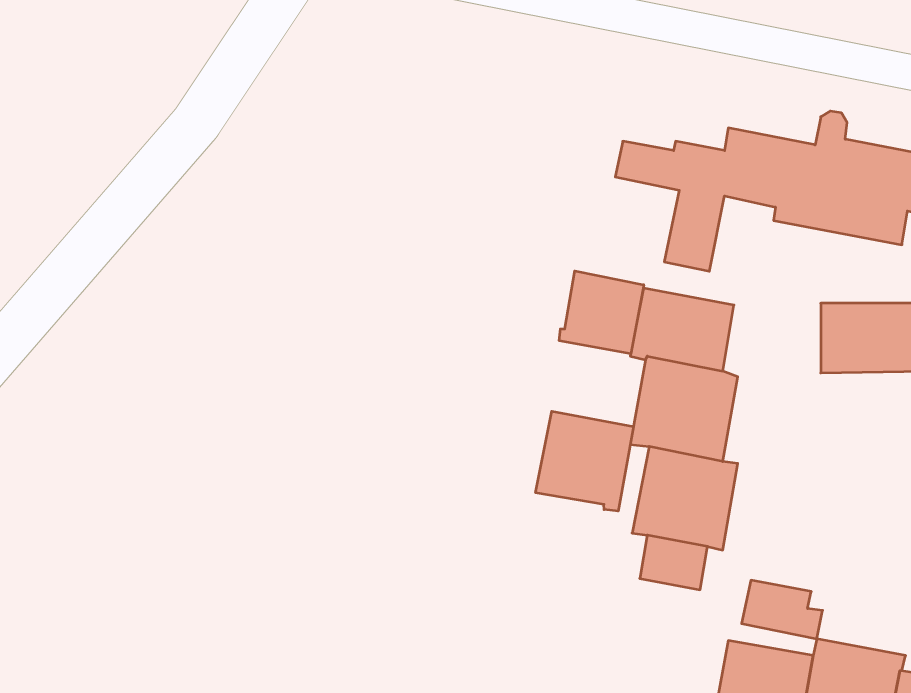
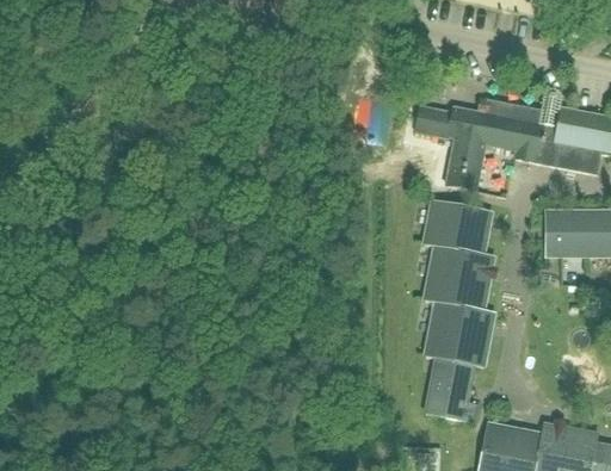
building: [559,271,644,354] -> none
building: [536,411,633,511] -> none
building: [742,580,823,639] -> [424,384,475,421]

